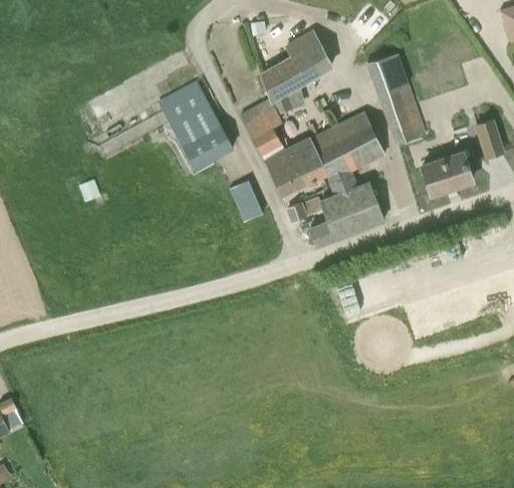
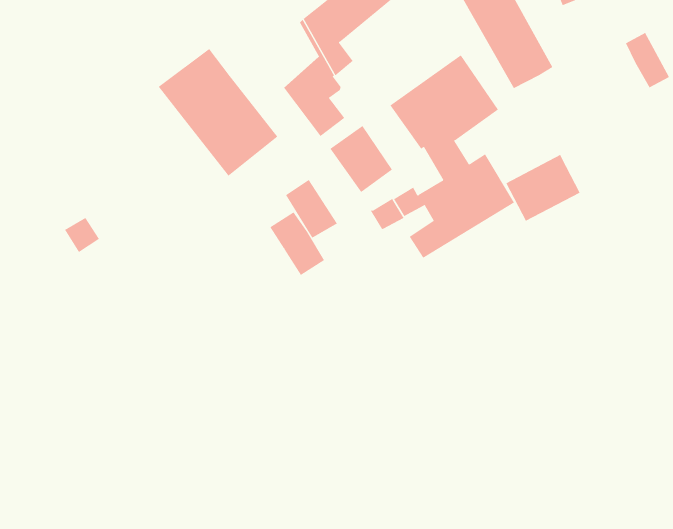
building: [290,141,326,184] -> none
building: [422,154,471,195] -> [506,154,580,221]
building: none -> [270,212,325,276]

